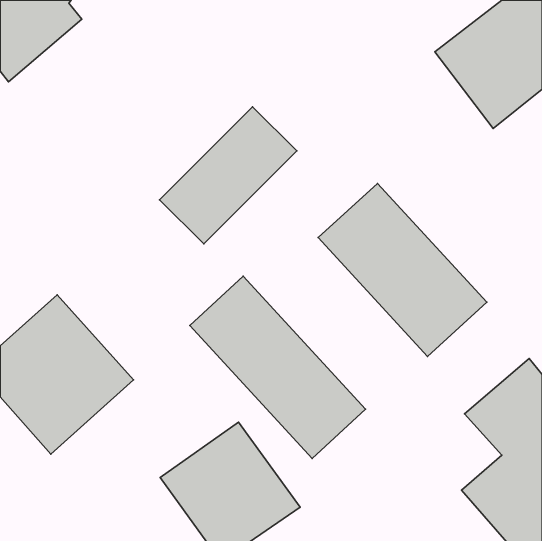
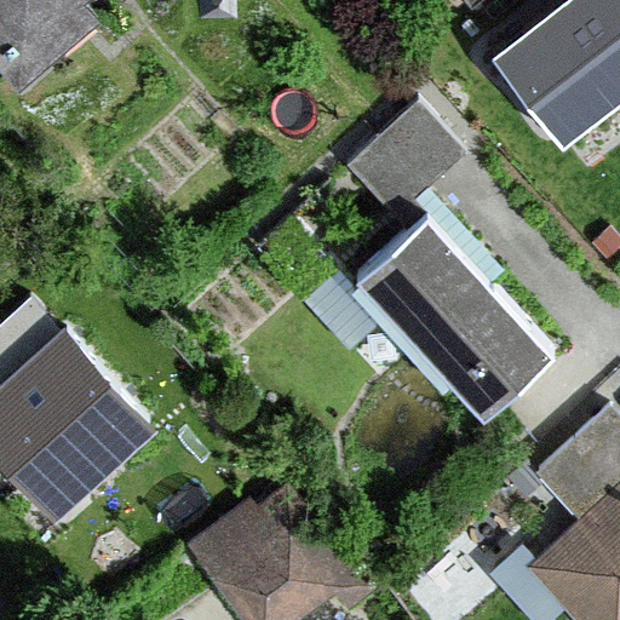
building: none -> [348,104,449,206]
building: [159,107,297,244] -> none
building: [190,276,365,459] -> none

